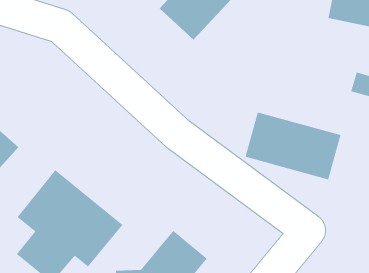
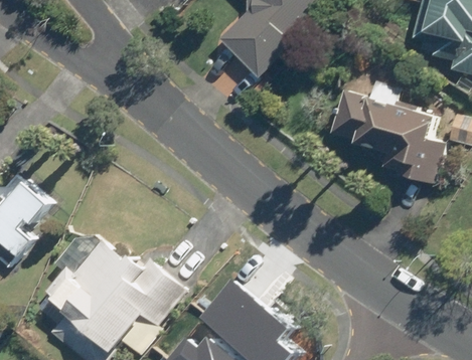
building: [244,112,341,181] -> [329,88,445,171]

